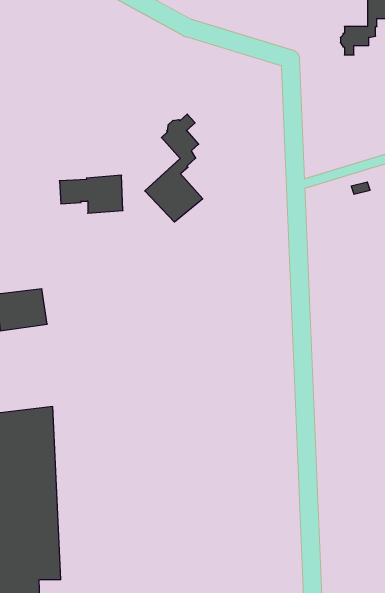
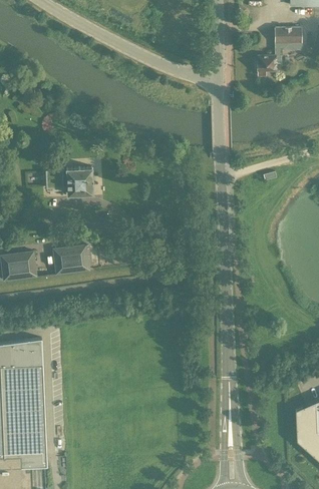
building: [145,114,203,222] -> none
building: none -> [52,243,89,274]

